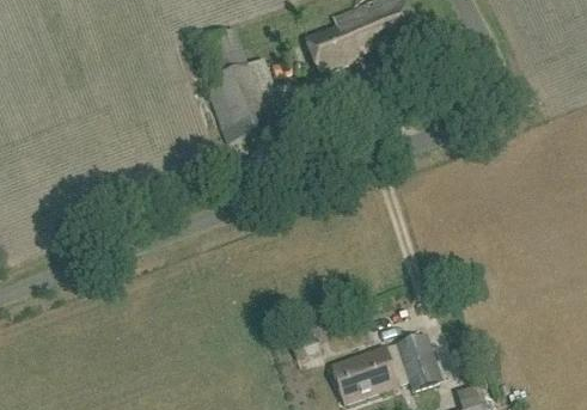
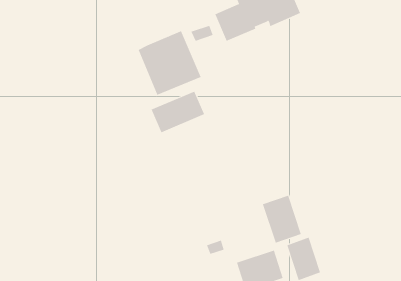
building: none -> [151,91,205,133]
building: none -> [262,195,302,243]

